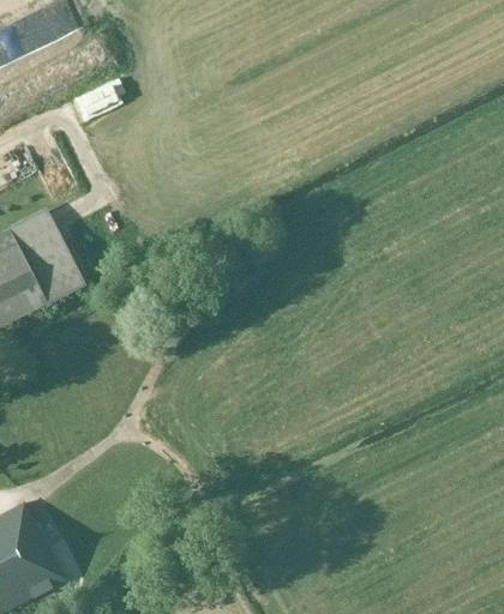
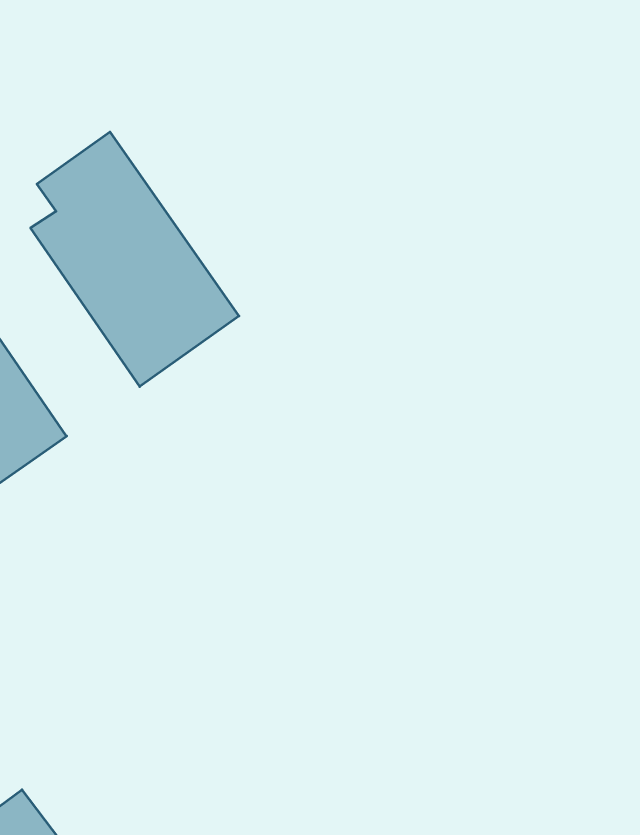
building: none -> [31,132,239,387]

